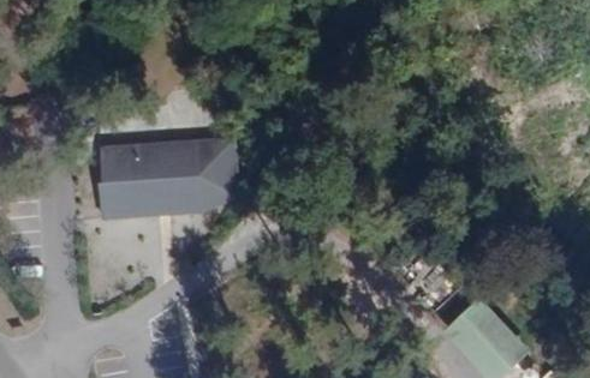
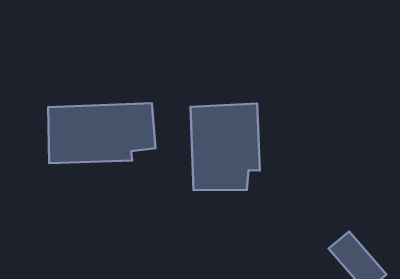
building: none -> [190,104,260,190]

